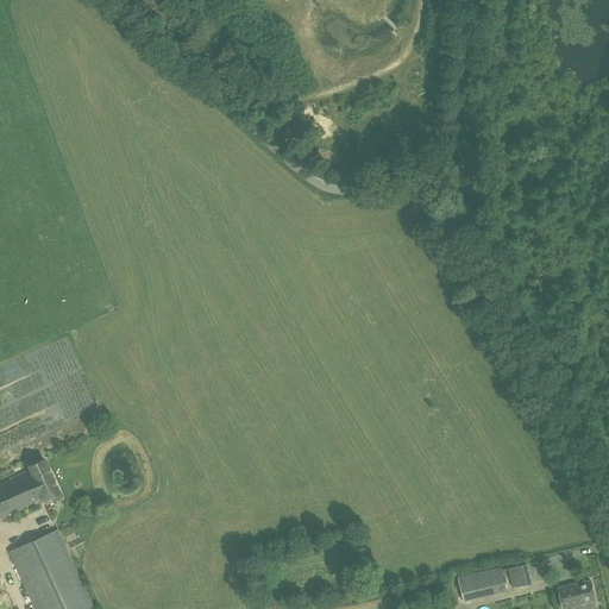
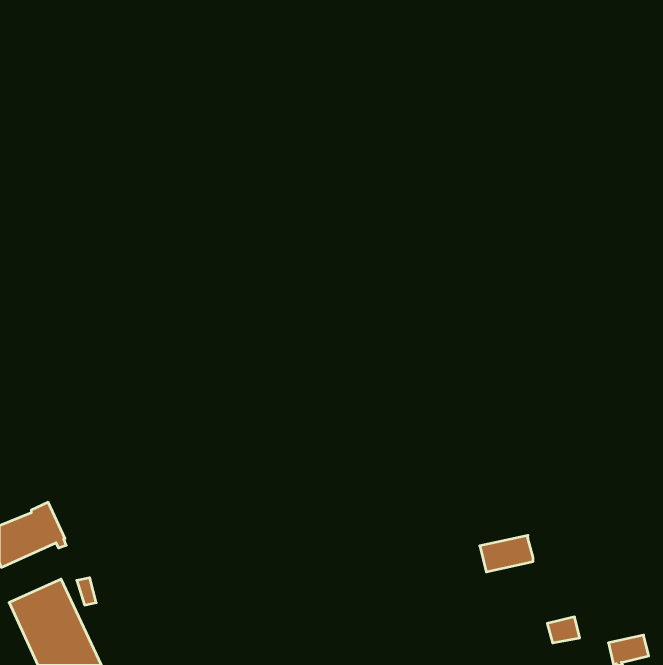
building: [457,567,506,601] -> [480,535,533,572]

